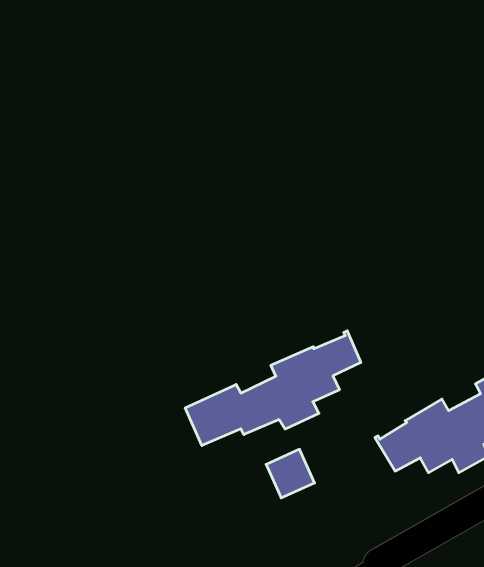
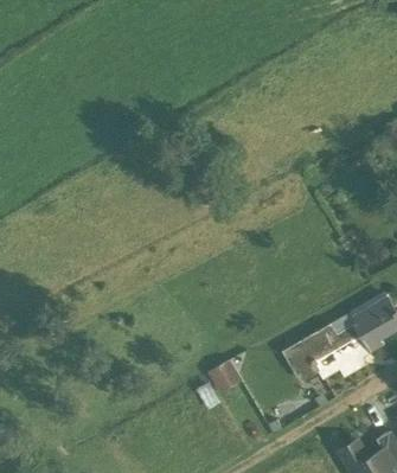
building: [185,331,361,446] -> none

